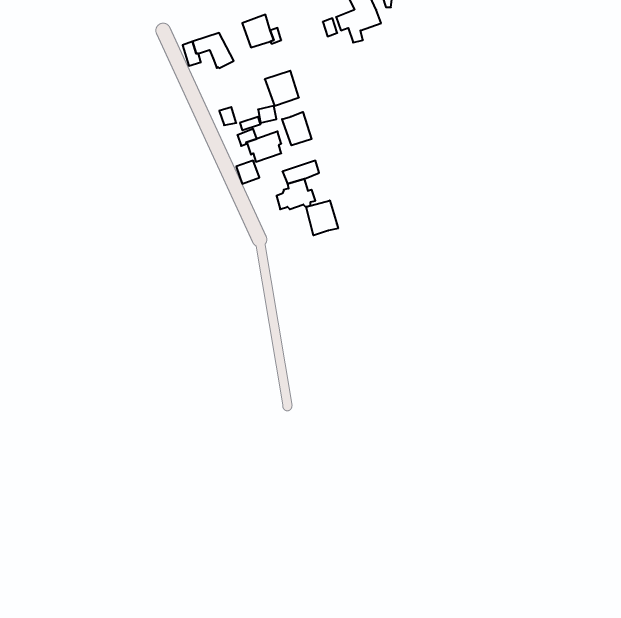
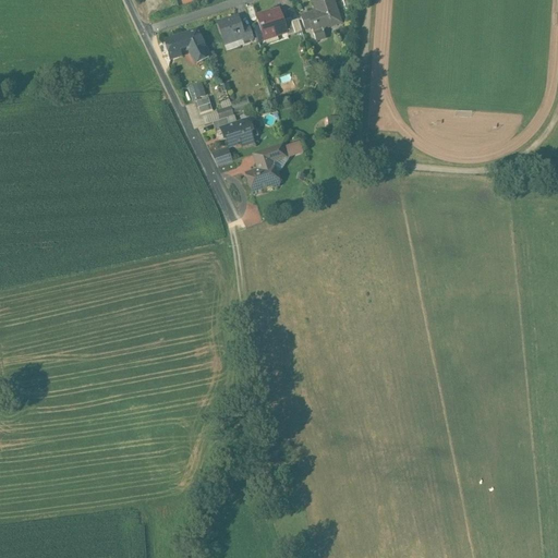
building: [265,71,299,106] -> [255,8,286,39]
building: [282,112,312,145] -> none
building: [306,200,338,235] -> none

